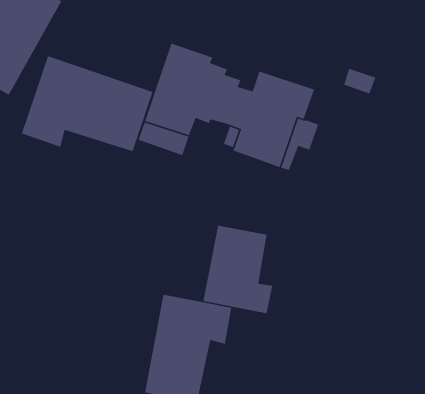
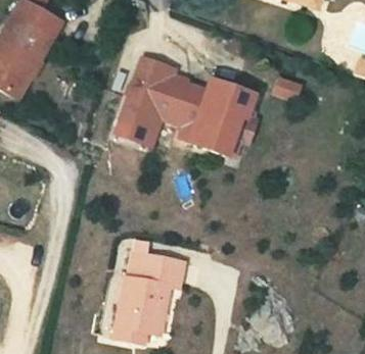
building: [21,55,153,152] -> none
building: [203,225,273,314] -> none

